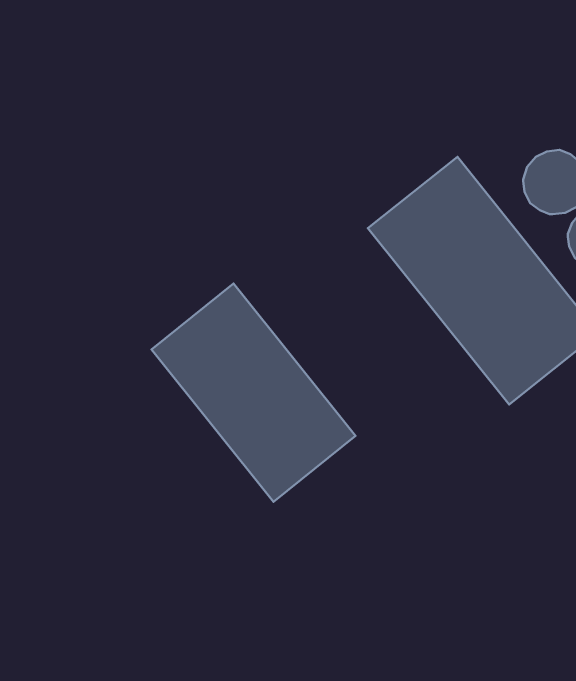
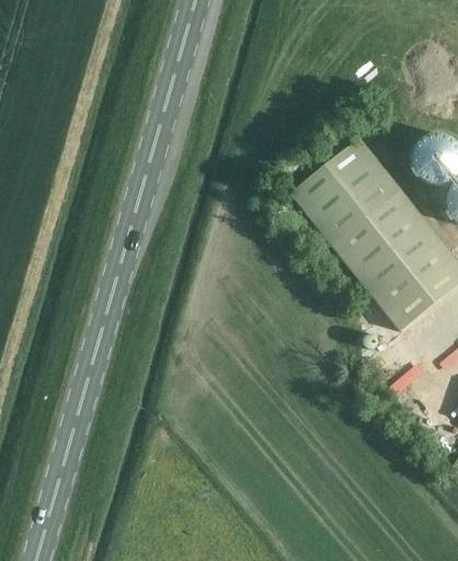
building: [151,283,355,502] -> none

